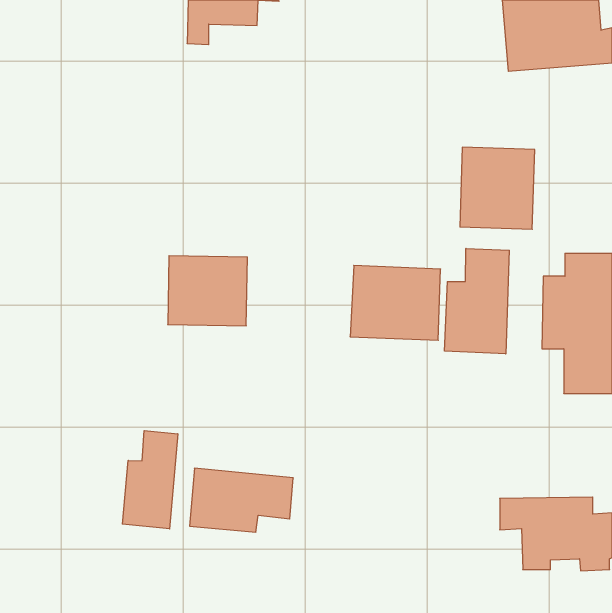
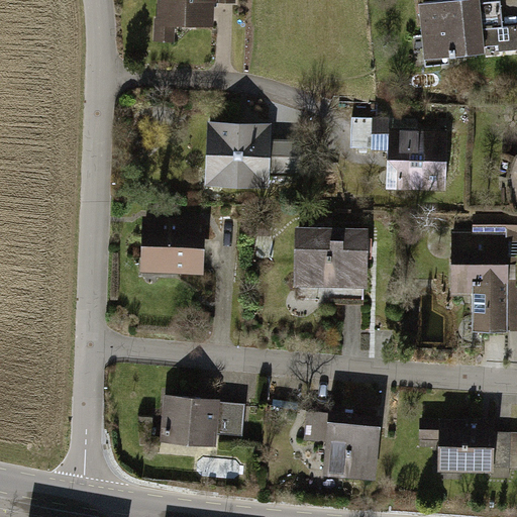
building: none -> [204,121,301,190]
building: [445,248,509,354] -> none
building: [122,431,178,529] -> none
building: none -> [297,412,383,479]

